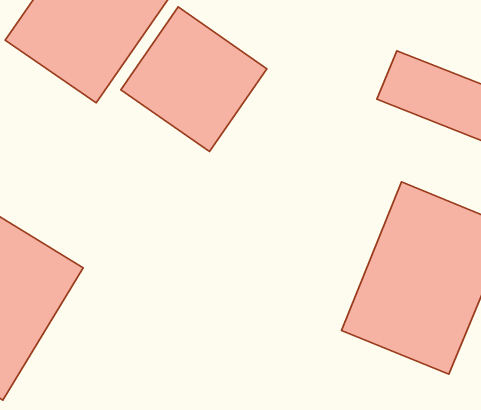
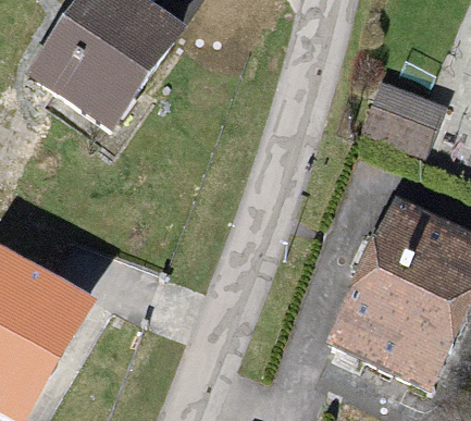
building: [121,7,267,152] -> none

